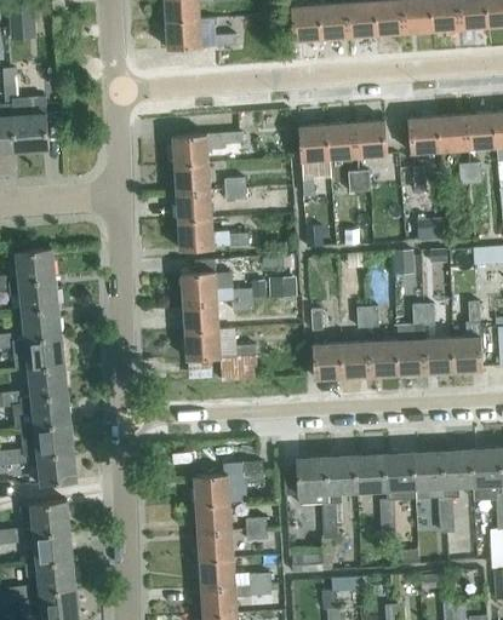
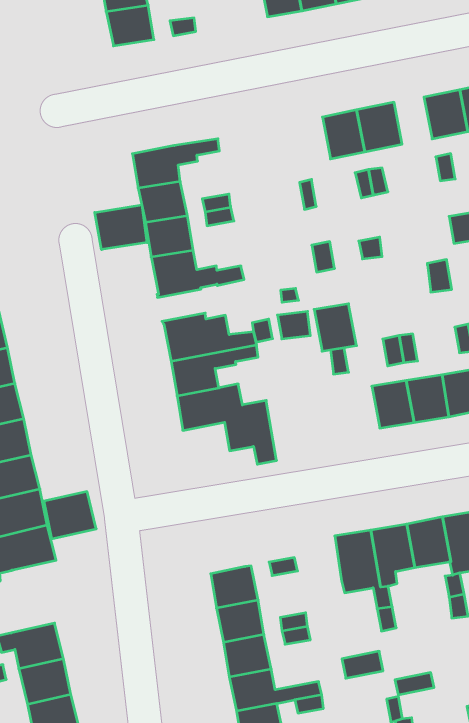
building: [298,125,328,160] -> none
building: none -> [95,205,147,250]
building: [311,343,342,378] -> [314,304,357,351]
building: [36,450,76,484] -> [42,492,96,539]

